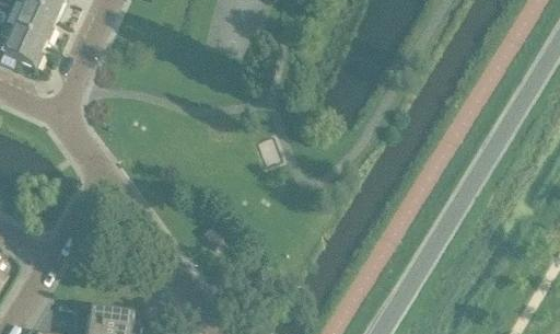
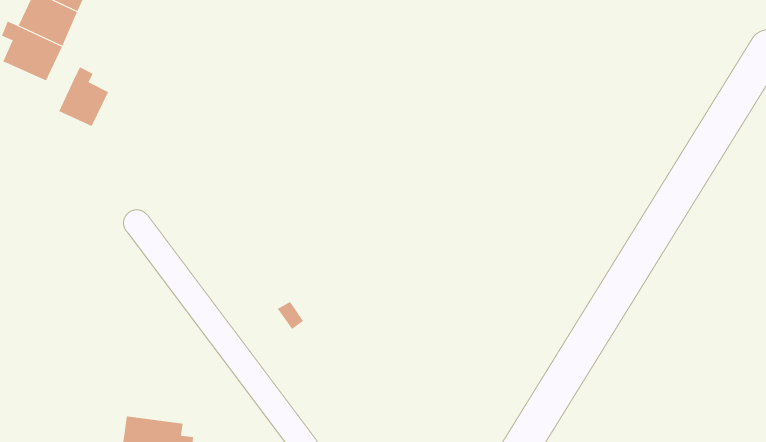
building: none -> [58,66,109,127]

